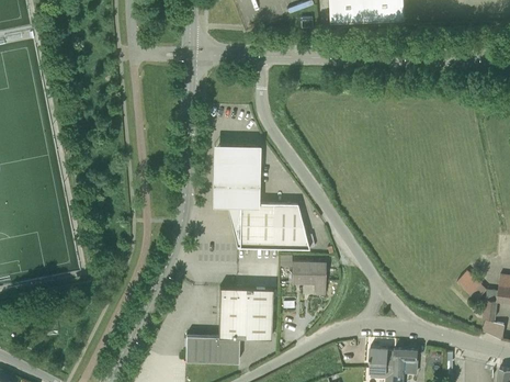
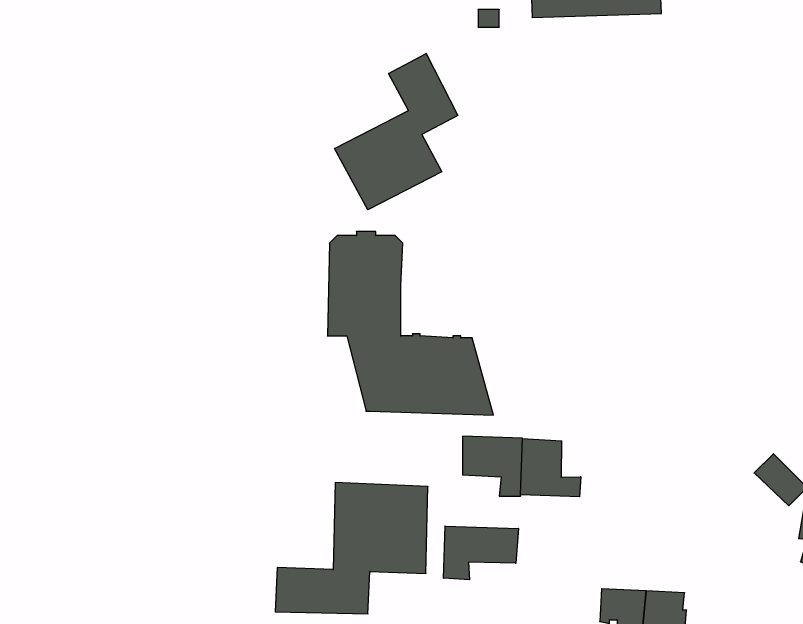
building: none -> [335,53,458,210]
building: none -> [521,438,581,497]
building: none -> [444,526,518,580]

